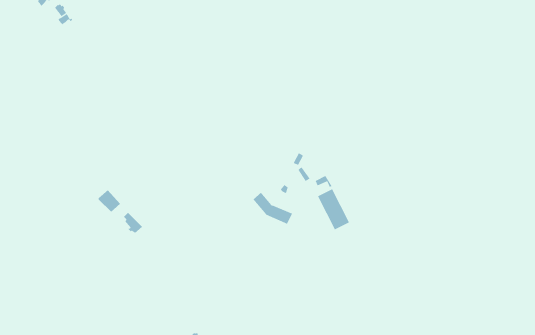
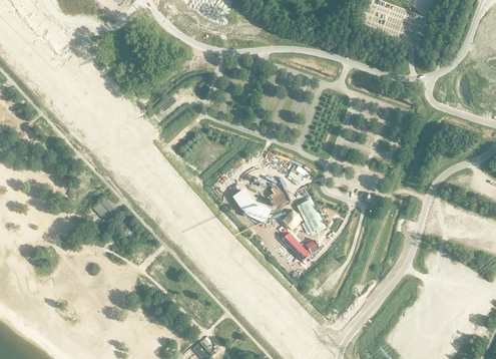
building: none -> [280,227,319,260]

